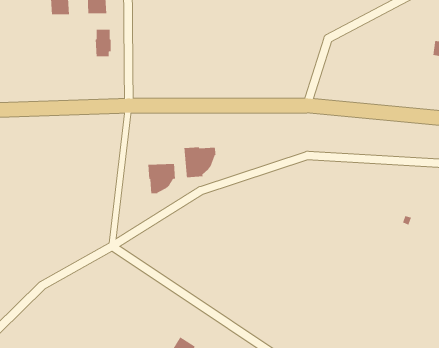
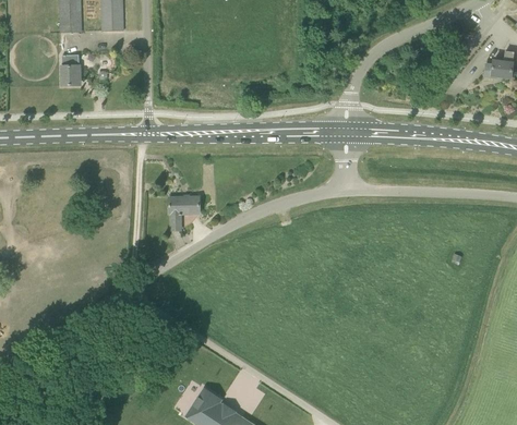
building: [95,29,111,57] -> [61,52,80,83]
building: [184,147,216,178] -> none

